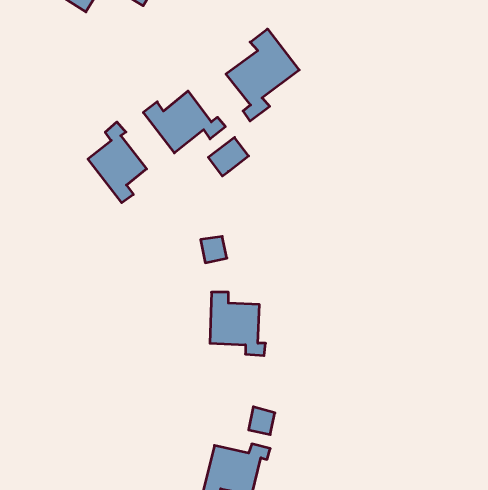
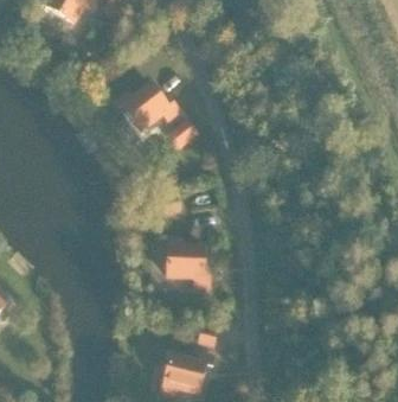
building: [226,29,299,121] -> none
building: [88,122,147,203] -> none

